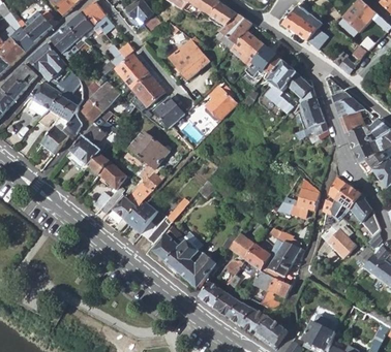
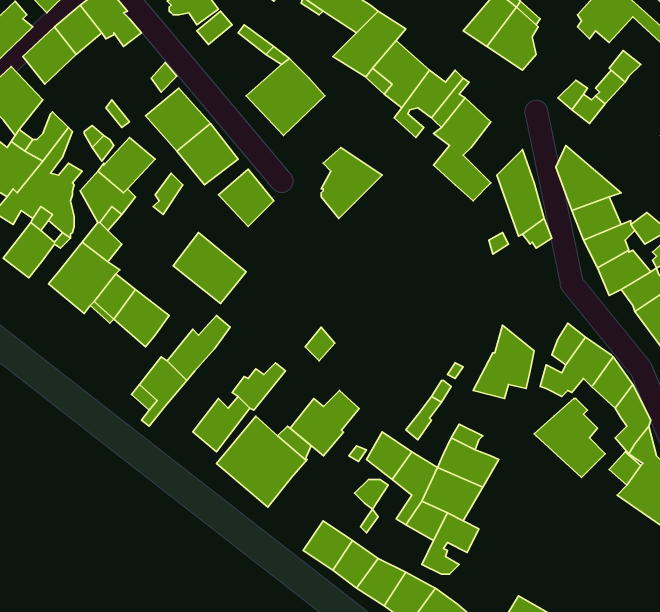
building: [287,66,313,100] -> none
building: [126,201,158,234] -> none
building: [180,254,216,288] -> [290,391,359,456]

